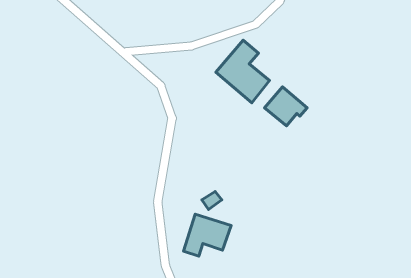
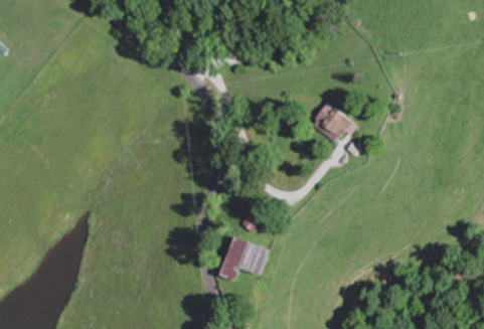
building: [216,40,270,103] -> none

